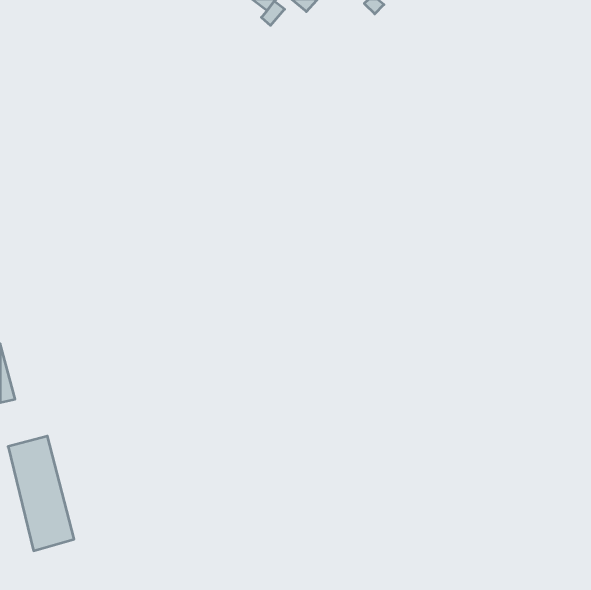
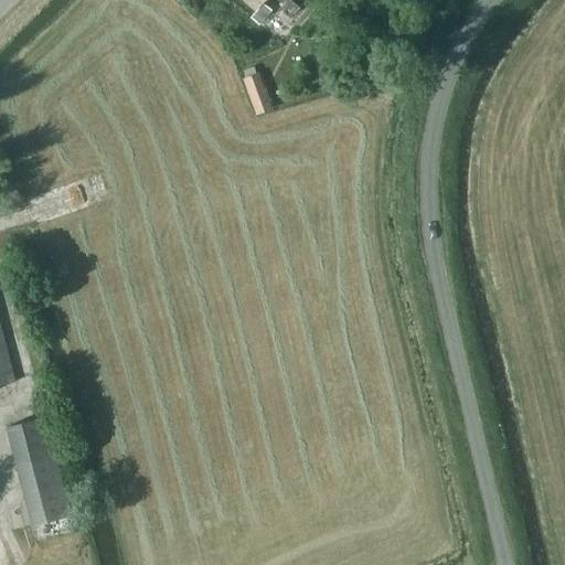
building: none -> [242,72,271,114]

